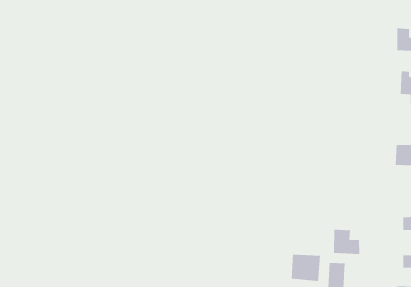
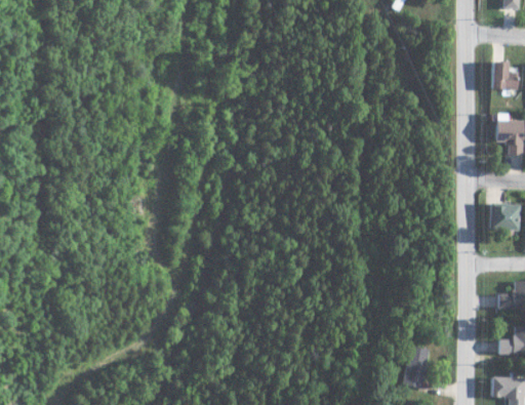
building: [334,229,360,255] -> none
building: [291,254,321,282] -> none

